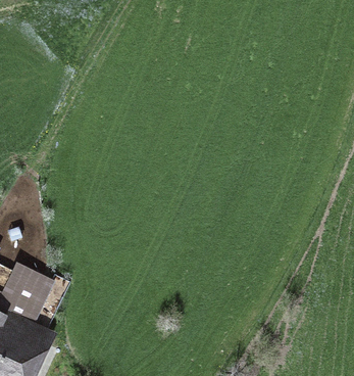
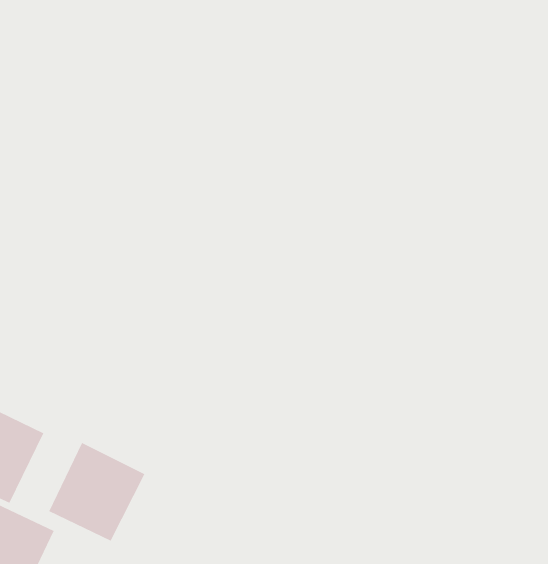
building: none -> [48,442,145,541]

